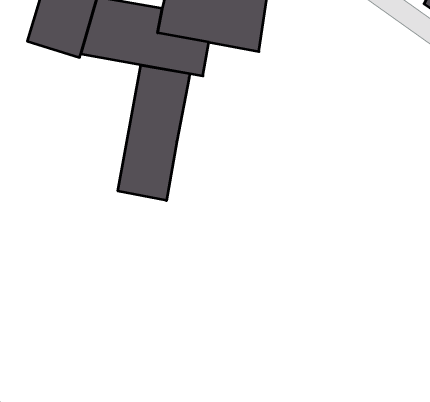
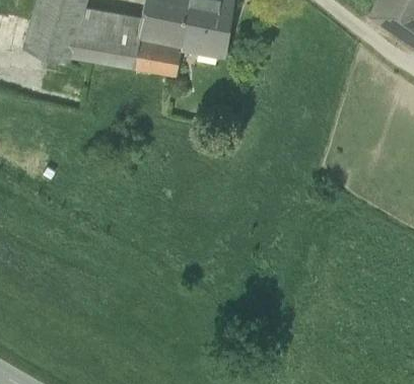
building: [118,65,190,201] -> none

